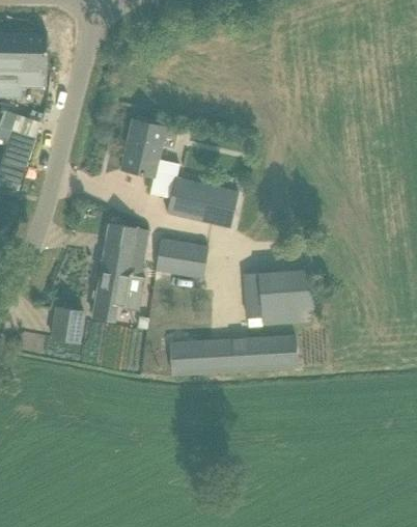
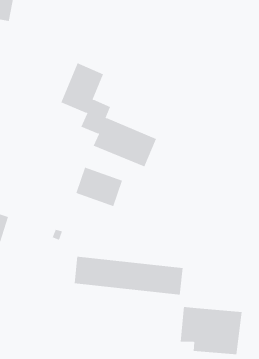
building: [92,223,146,321] -> none
building: [243,271,314,326] -> [180,306,243,355]

